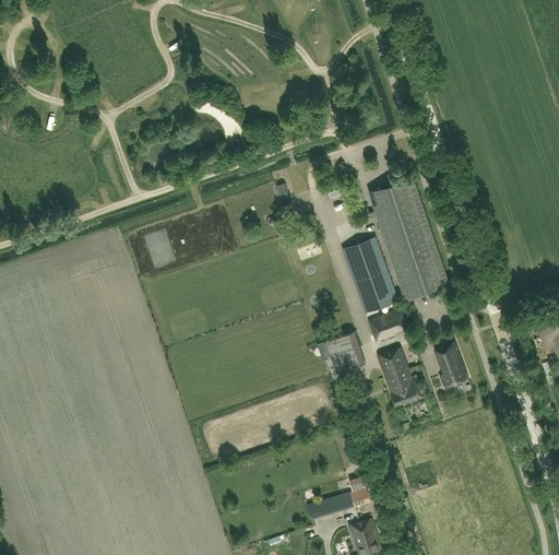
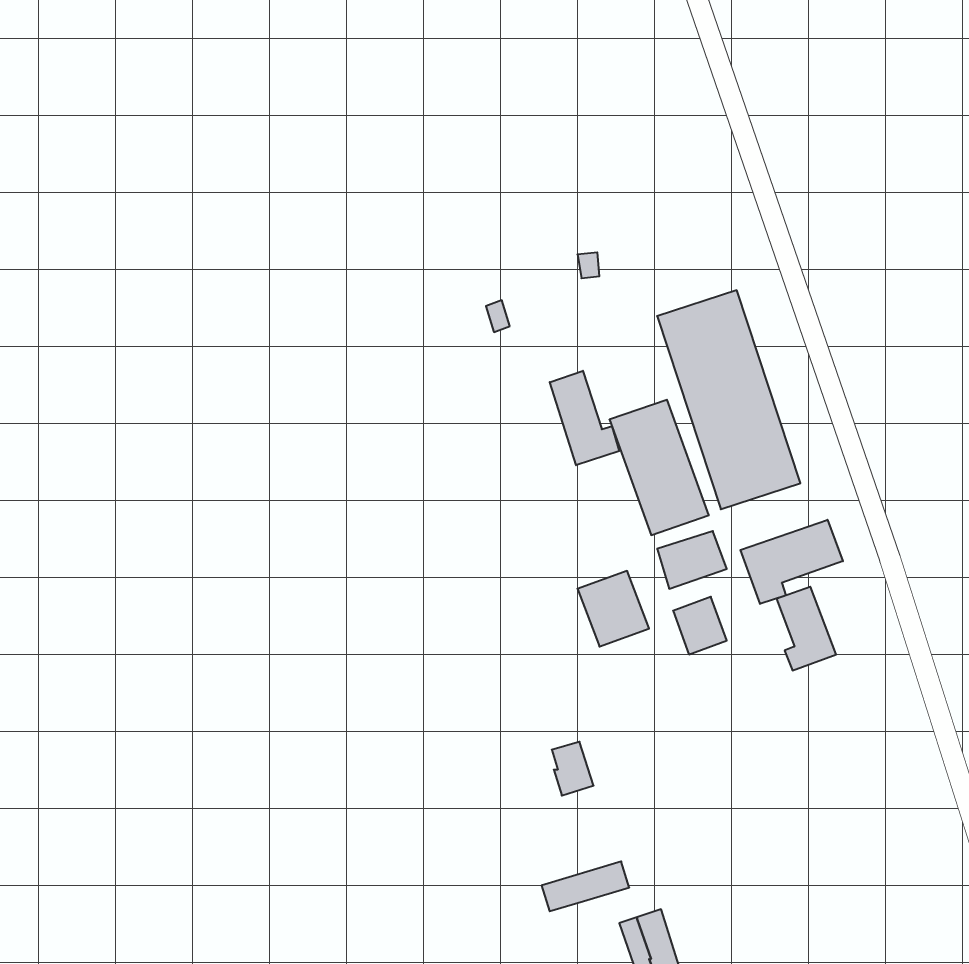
building: none -> [550,371,619,465]
building: none -> [740,520,843,604]
building: [386,371,420,406] -> none
building: [348,477,371,507] -> [552,742,594,796]

